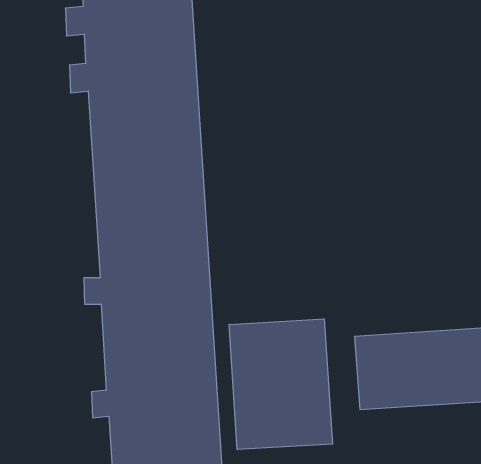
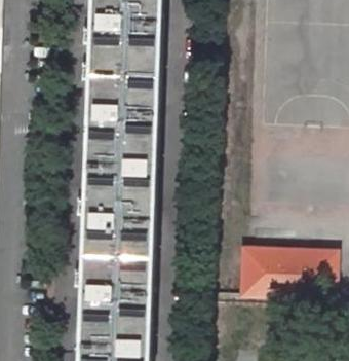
building: [229,319,332,450] -> none

